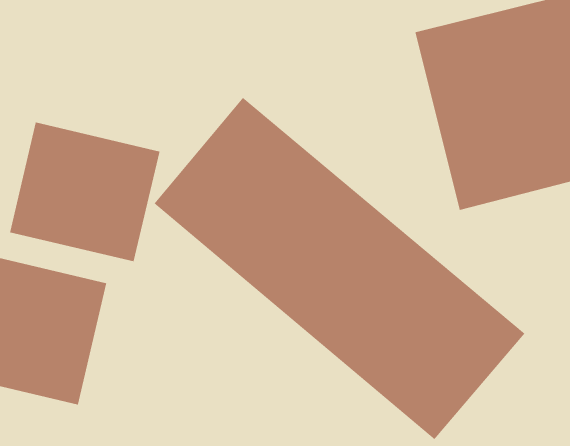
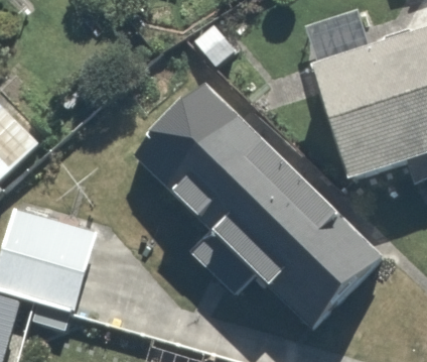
building: [9,122,160,262] -> none

